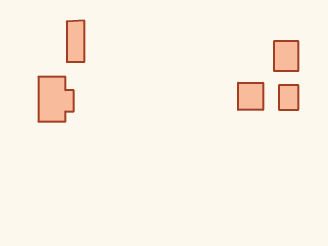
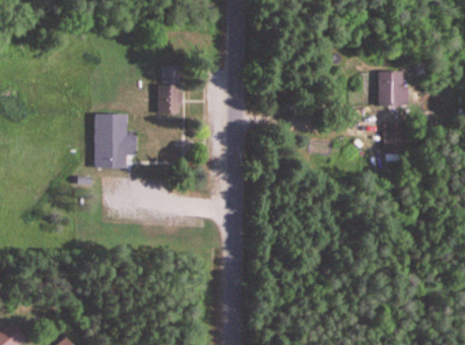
building: [67,21,84,62] -> [158,65,180,115]
building: [238,83,263,110] -> none

